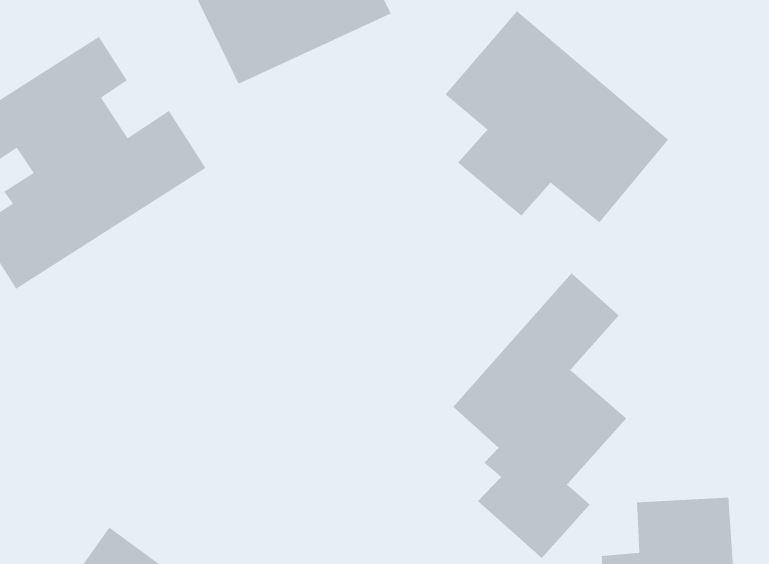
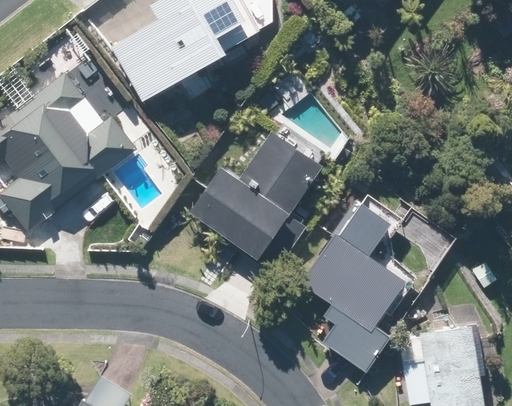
building: [444,10,669,223] -> none
building: none -> [192,125,328,278]

